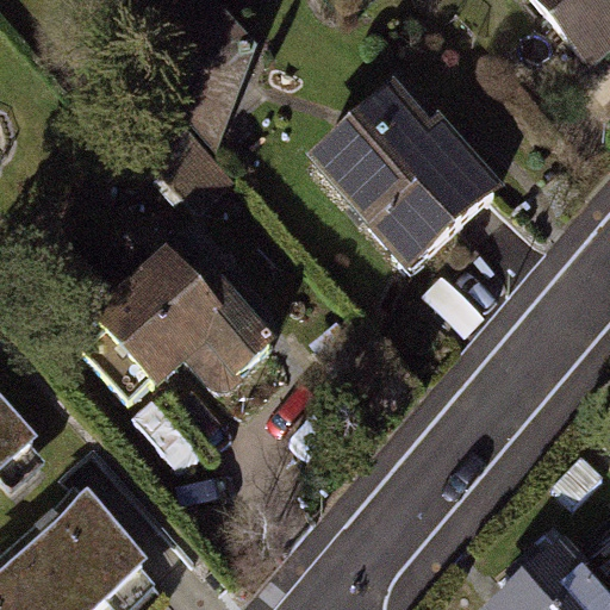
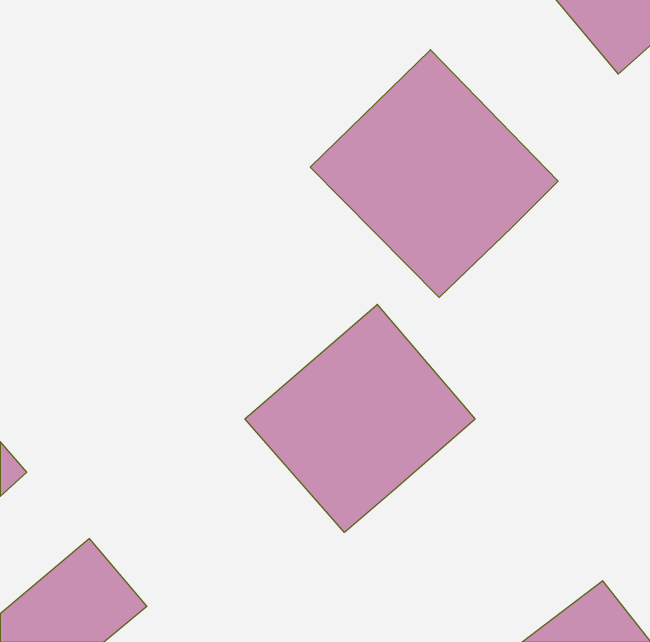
building: [81,234,282,404] -> none
building: none -> [245,304,475,532]

